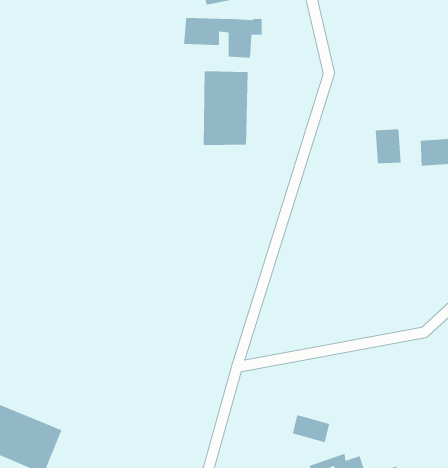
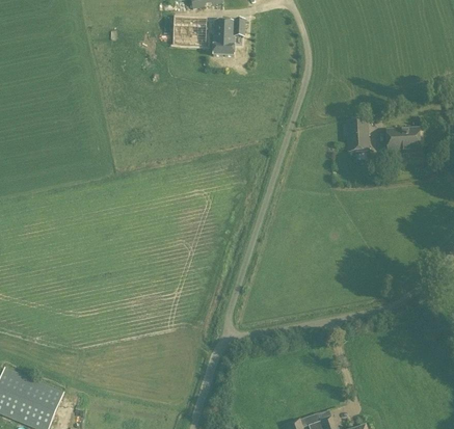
building: [203,70,248,146] -> none
building: [292,414,330,443] -> none

